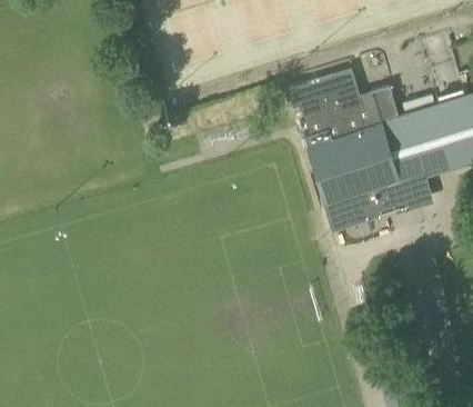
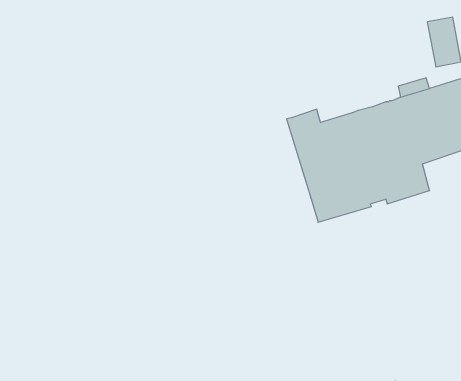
building: [286,79,400,138] -> none

